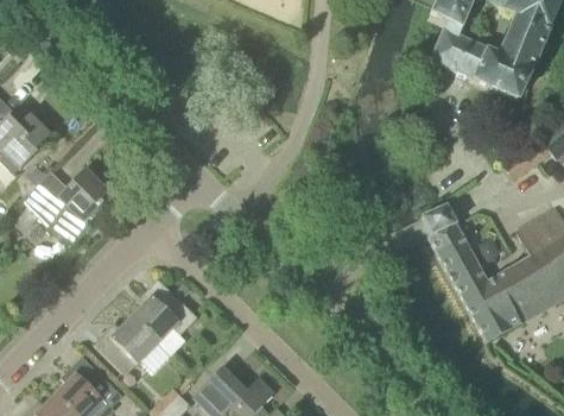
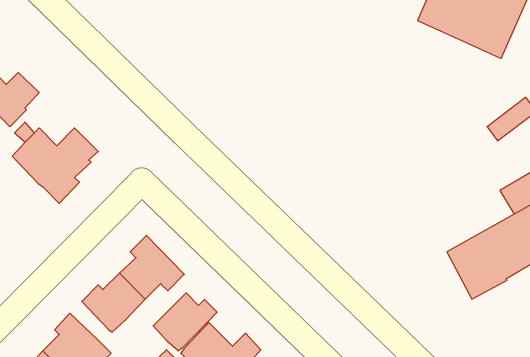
building: [420,202,487,294] -> none
building: none -> [153,293,217,351]

